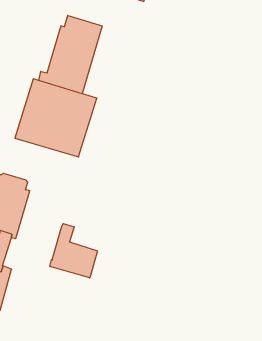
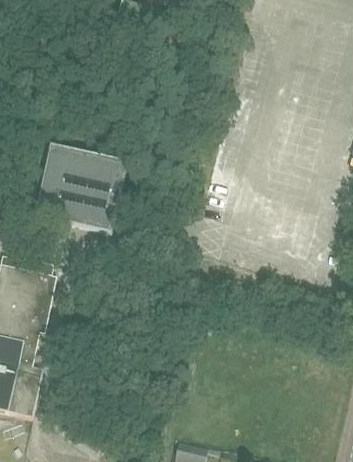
building: [39,15,102,94] -> none
building: [50,224,98,278] -> none

